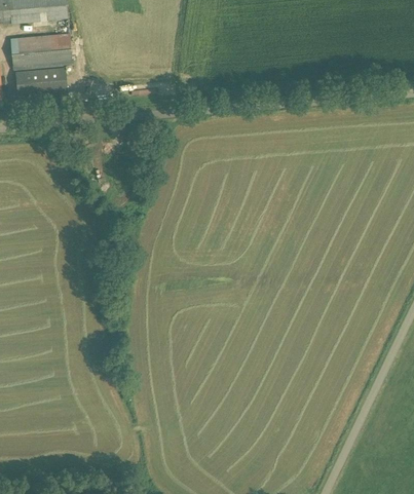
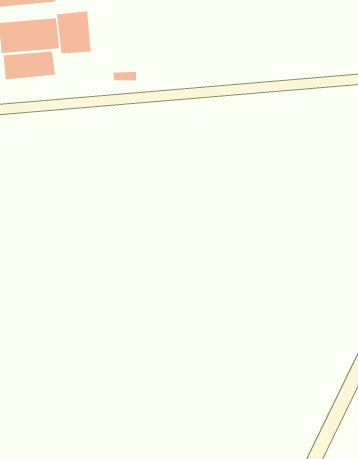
building: none -> [56,11,91,54]

